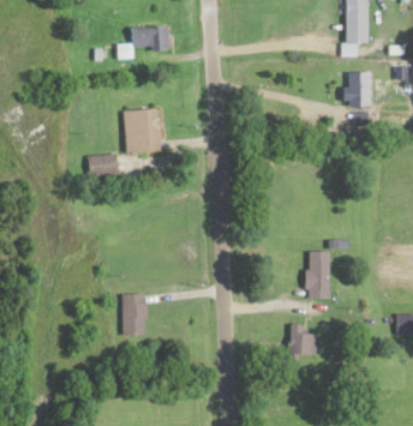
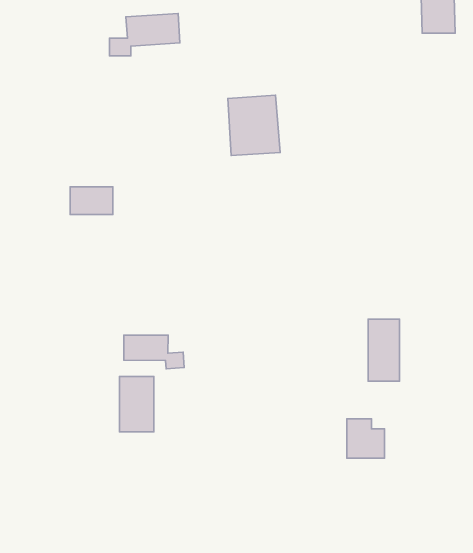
building: [343,72,372,106] -> none
building: [124,109,162,154] -> [228,95,280,156]
building: none -> [124,335,184,369]

